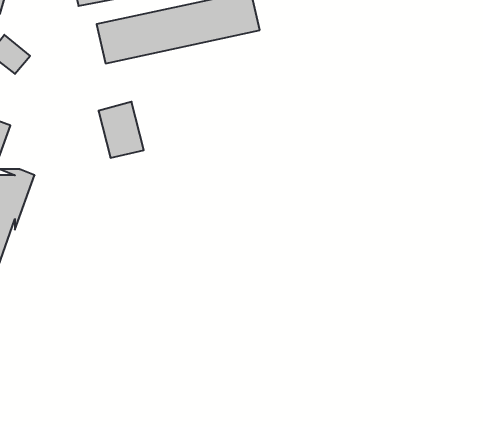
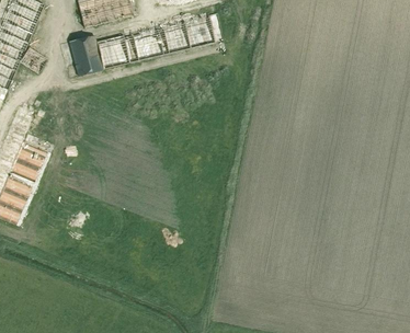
building: [98,102,144,158] -> [66,34,99,74]

